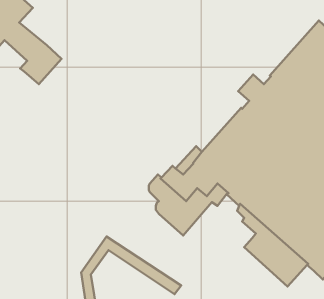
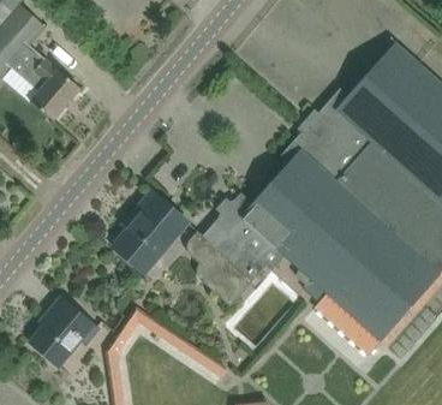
building: none -> [113,190,187,272]
building: none -> [30,296,98,364]

